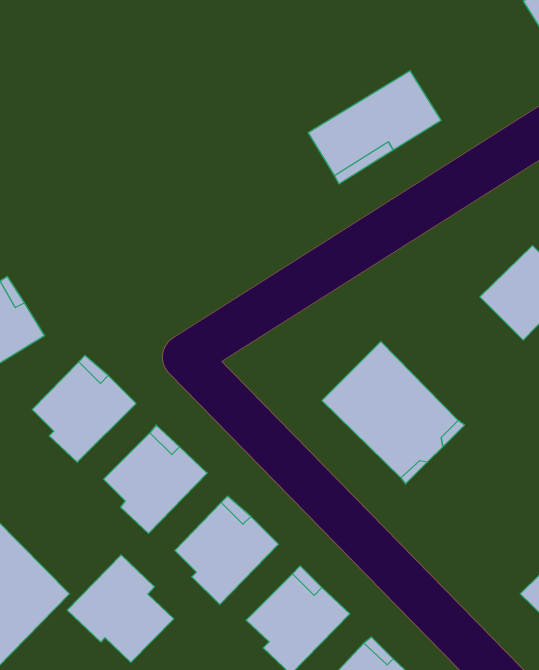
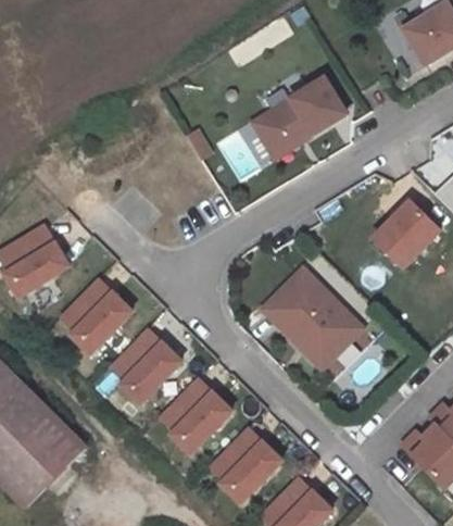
building: [67,555,174,662] -> none

